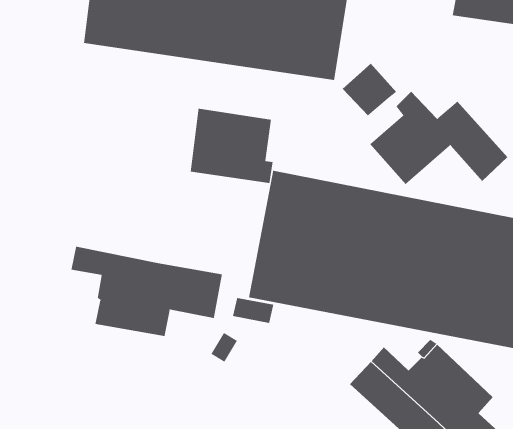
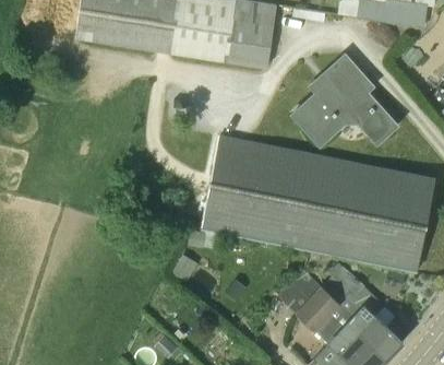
building: [342,63,397,116] -> [324,55,365,95]
building: [190,108,273,184] -> none
building: [71,246,222,337] -> none

